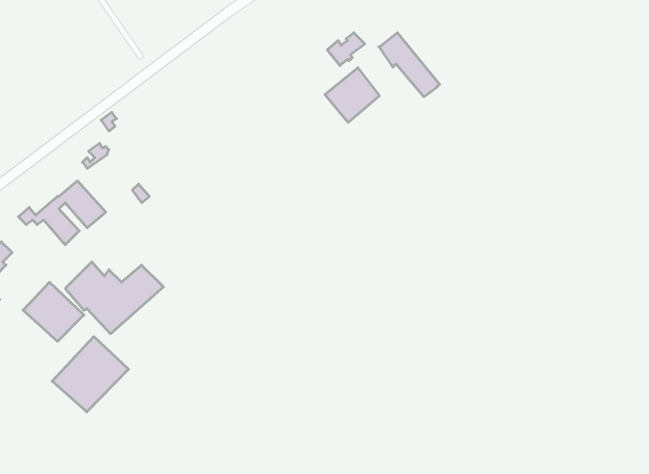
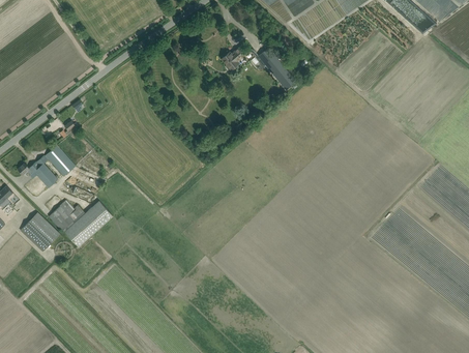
building: [325,68,379,122] -> none
building: [52,337,129,412] -> none

